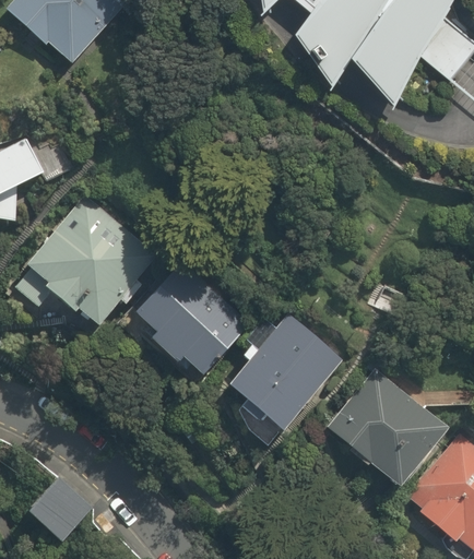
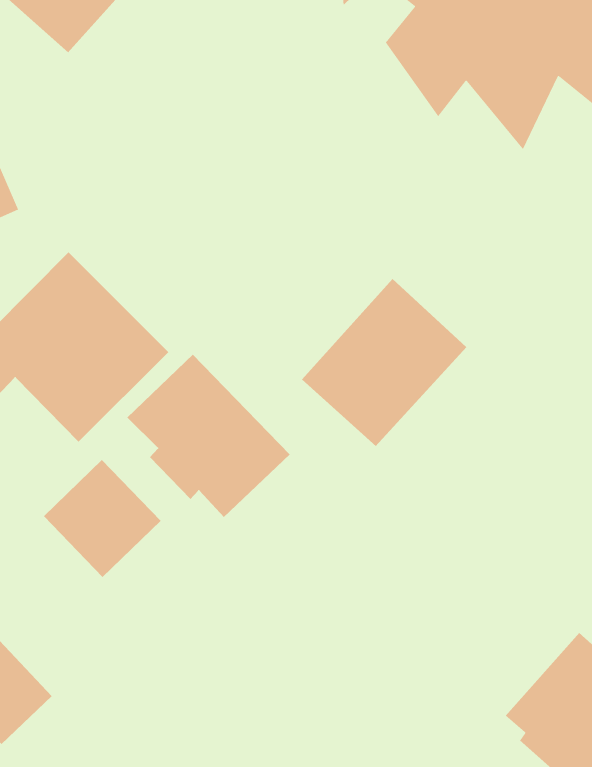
building: [230,313,343,430] -> [301,278,467,447]
building: none -> [43,459,161,578]
building: [327,371,442,484] -> none

